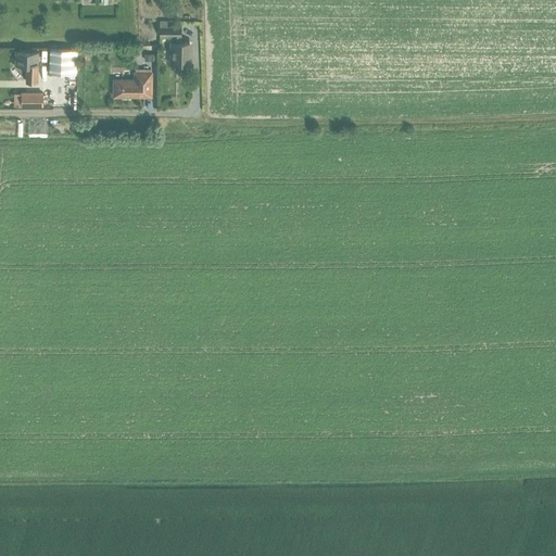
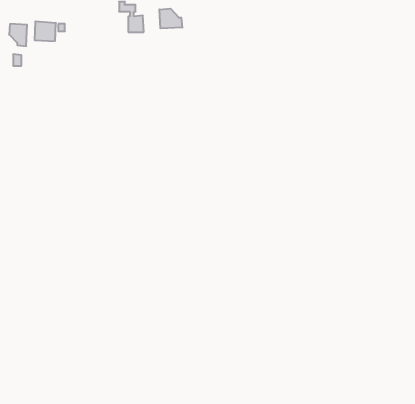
building: none -> [159,9,182,28]
building: [113,74,149,100] -> none

